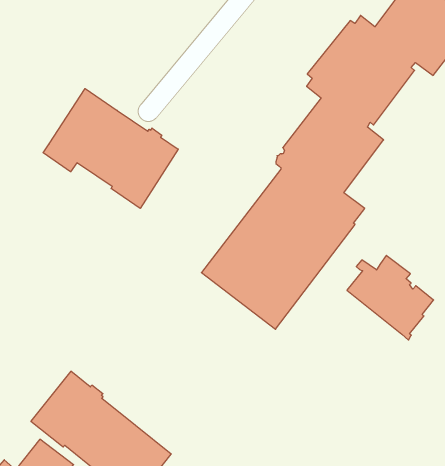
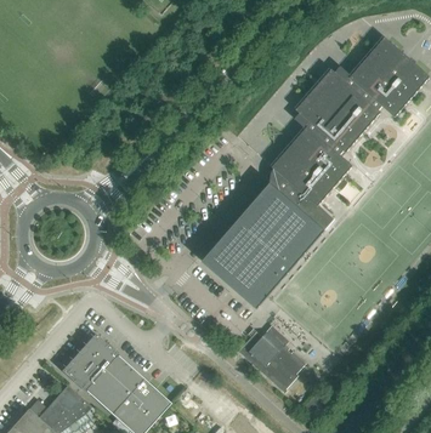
building: [43,89,178,208] -> none
building: [347,255,434,340] -> [238,325,306,393]

